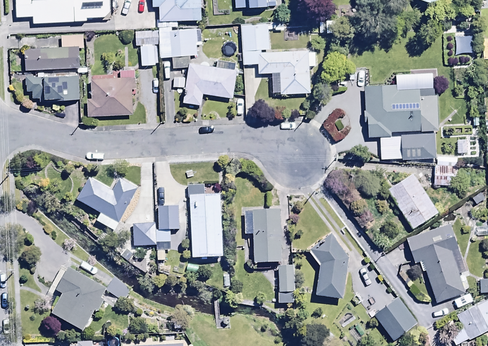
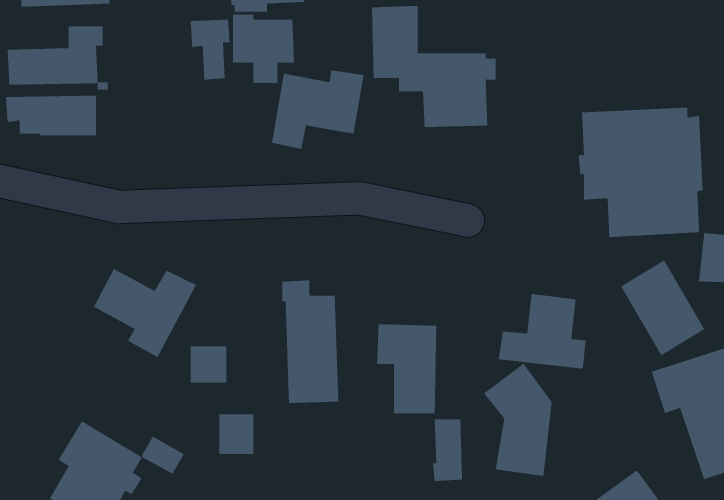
building: [88,70,136,116] -> none
building: none -> [498,293,586,370]
building: [159,207,180,231] -> [219,414,254,454]

